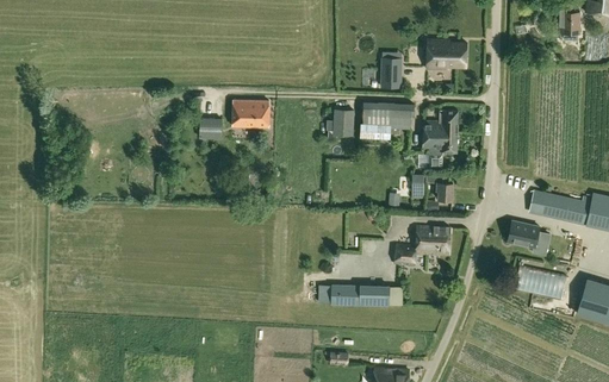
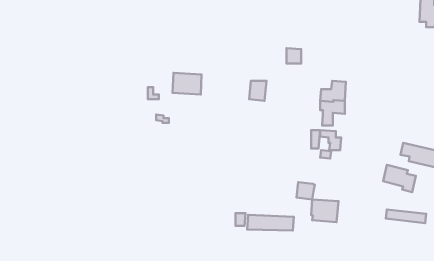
building: [428,39,467,69] -> none
building: [361,101,415,138] -> none
building: [416,224,452,253] -> [311,199,338,222]

